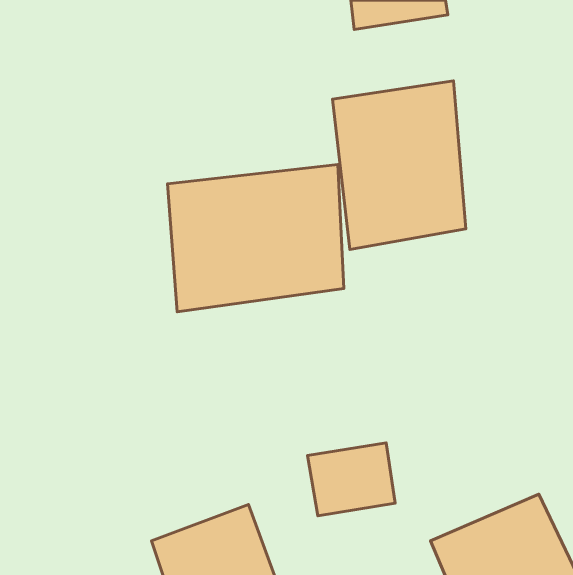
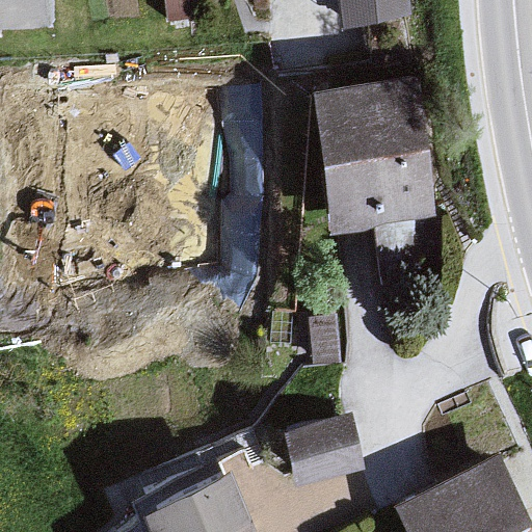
building: [168,165,344,312] -> none

